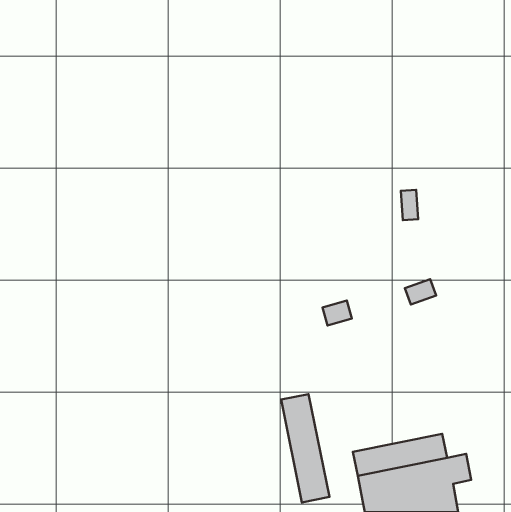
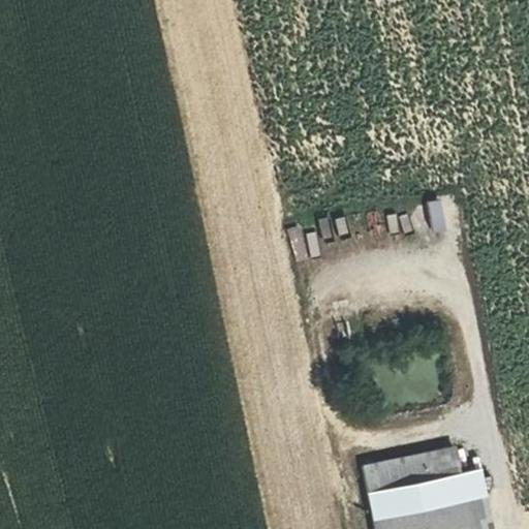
building: [281,394,329,502] -> none

